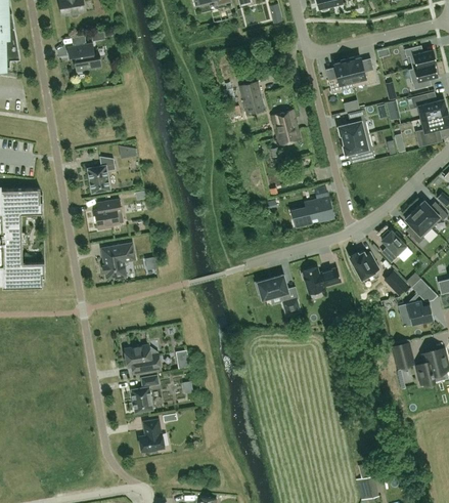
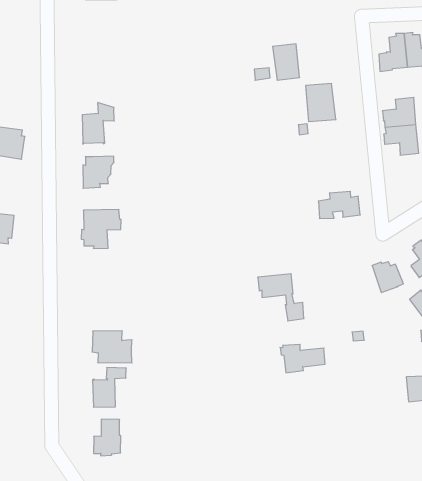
building: [301,267,341,293] -> [280,344,325,373]

